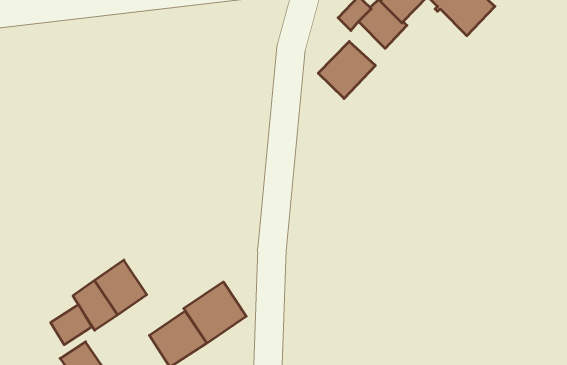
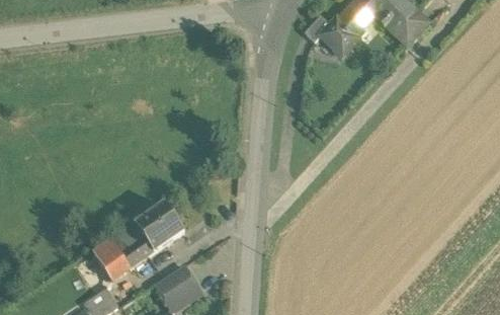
building: [318,41,375,99] -> none
building: [184,282,246,343] -> [134,203,183,251]
building: [51,305,92,345] -> none

